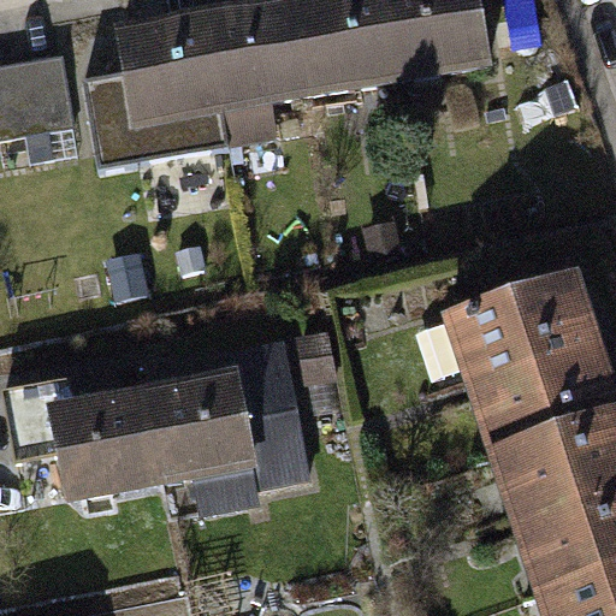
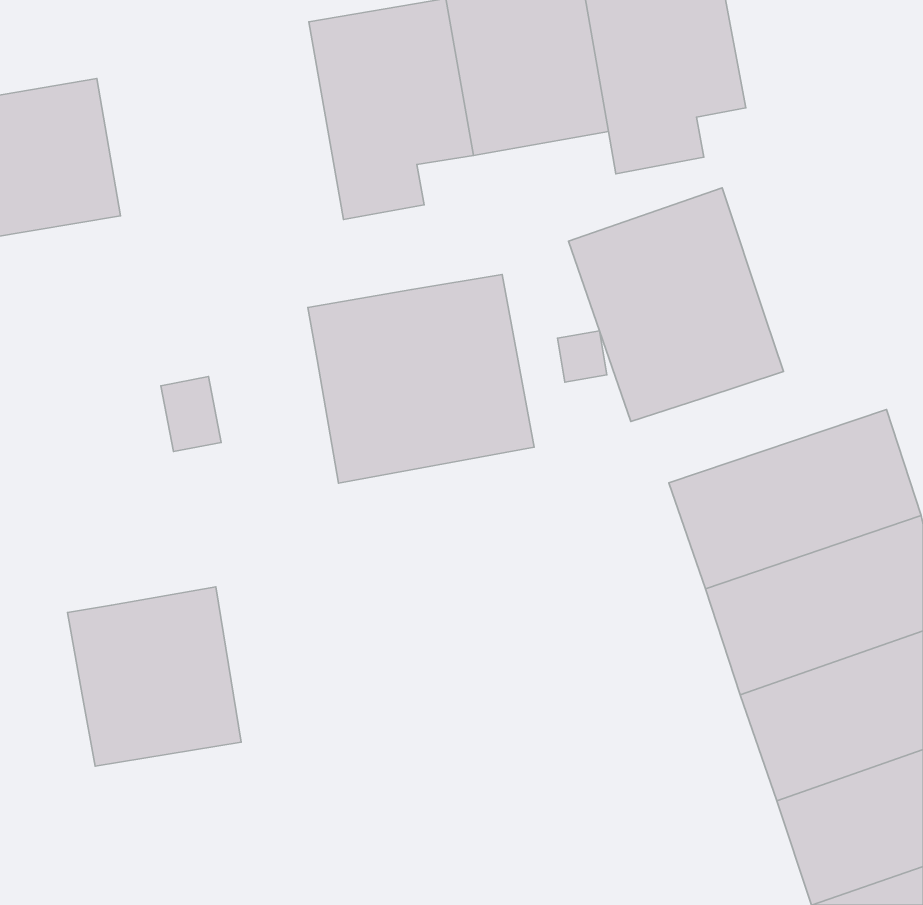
building: [114,14,226,160] -> none
building: none -> [569,188,784,422]
building: none -> [308,274,534,483]
building: [142,339,312,517] -> none

